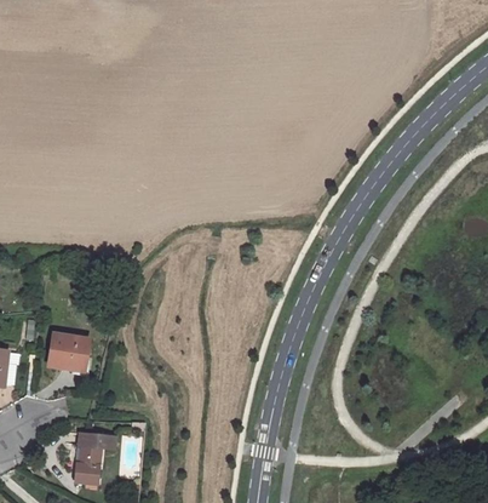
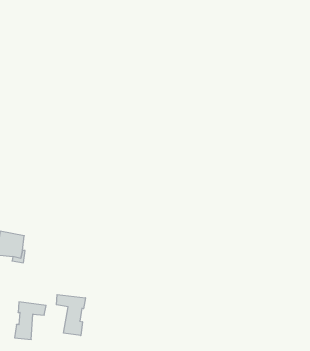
building: none -> [56,295,85,336]

